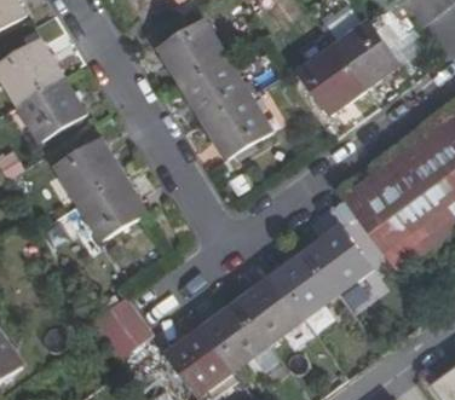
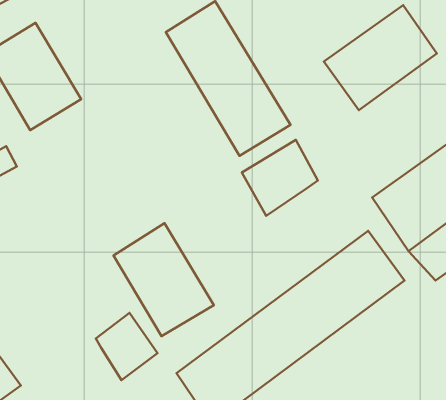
building: [53,135,144,237] -> [113,223,214,336]
building: none -> [242,140,318,216]

